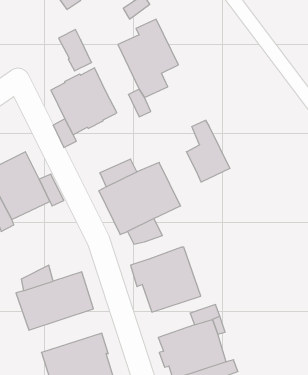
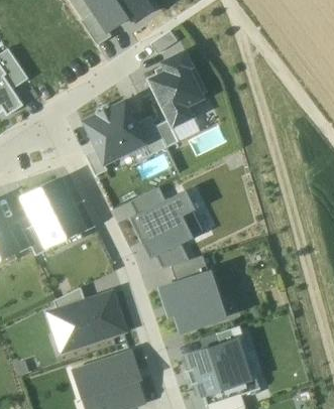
building: [59,30,92,71] -> [136,115,168,154]
building: [186,120,230,182] -> none
building: none -> [173,255,208,281]

